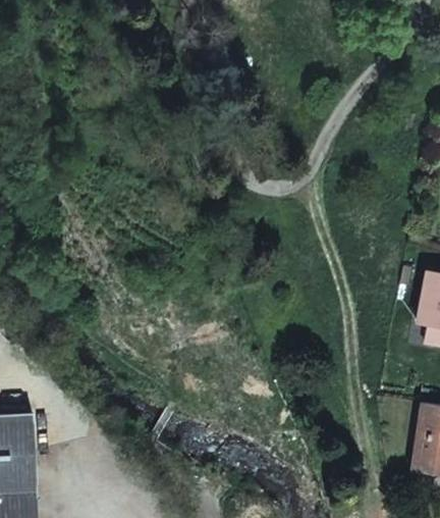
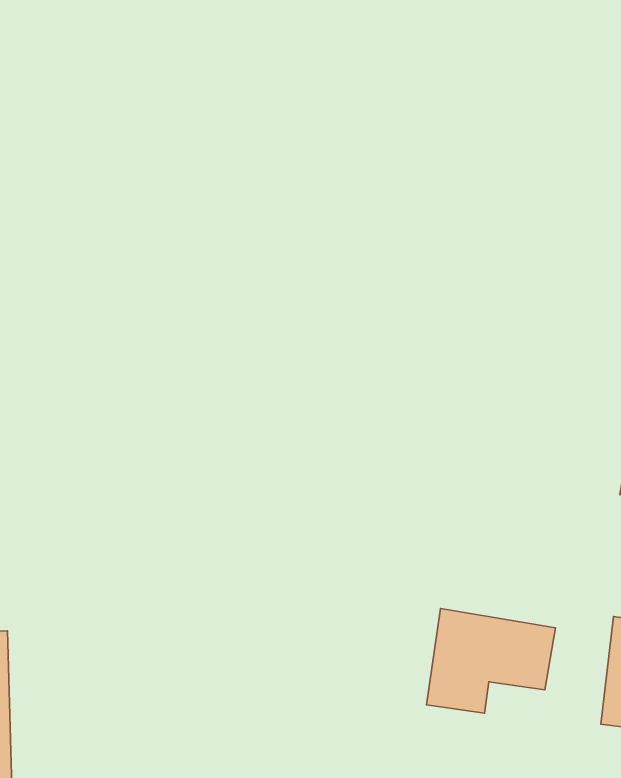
building: none -> [426,608,555,713]

